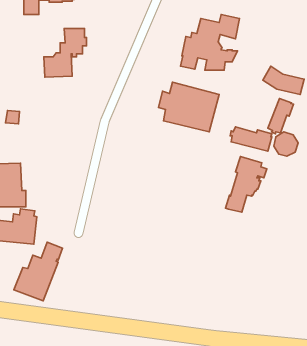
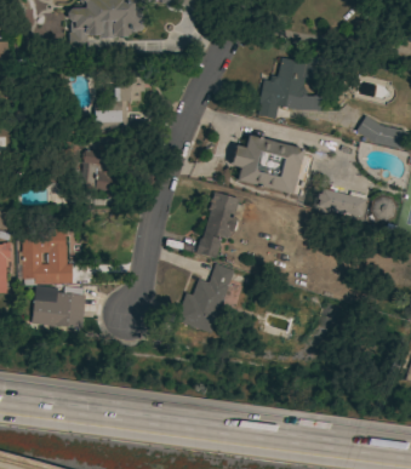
building: none -> [82,150,120,198]
building: [268,98,294,134] -> none
building: [225,157,267,212] -> [196,191,246,258]
building: [14,242,62,301] -> [176,263,234,333]

